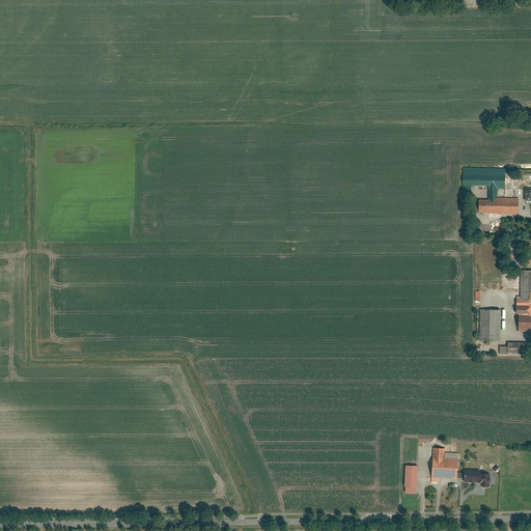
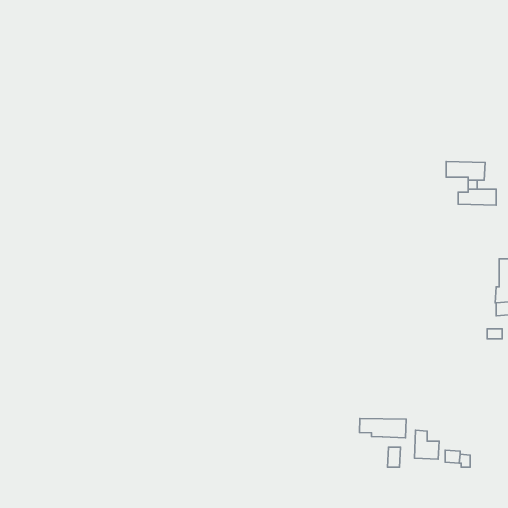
building: [479,310,500,341] -> none
building: none -> [359,418,406,438]

